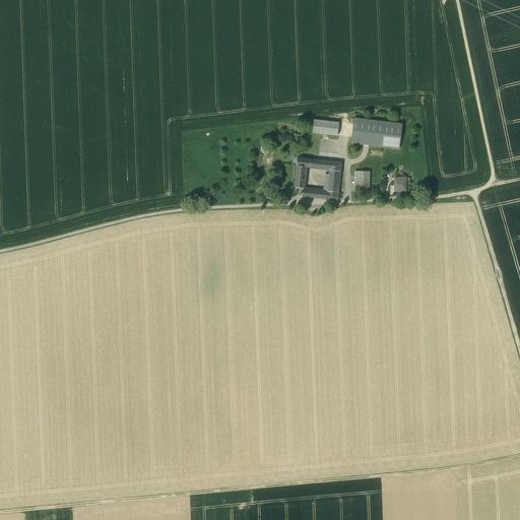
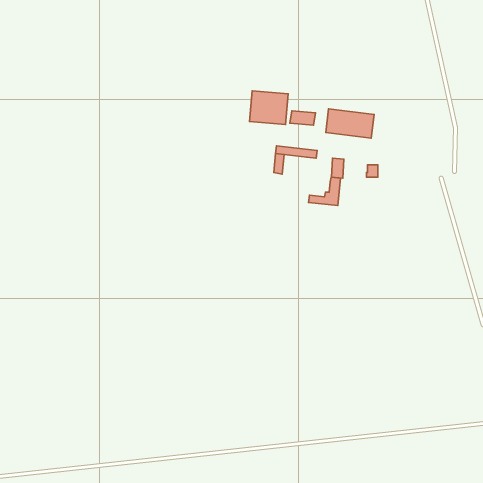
building: none -> [250,91,288,124]
building: [305,169,339,199] -> [308,177,341,205]

